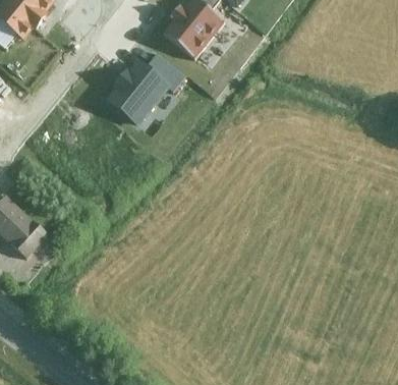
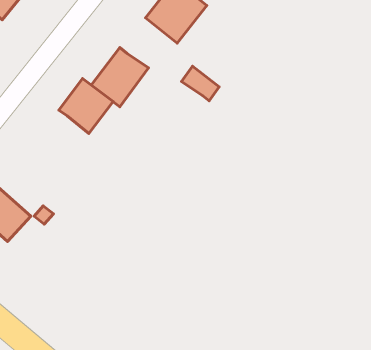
building: [140,54,178,89] -> [181,66,219,101]
building: none -> [59,79,113,133]

